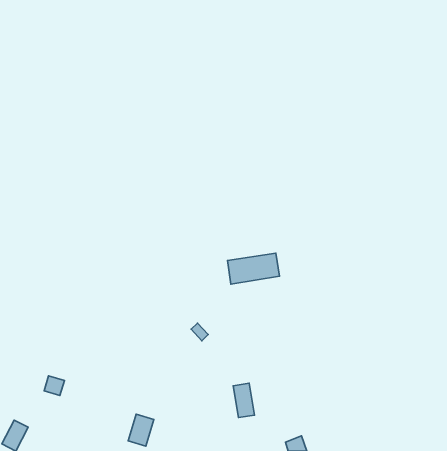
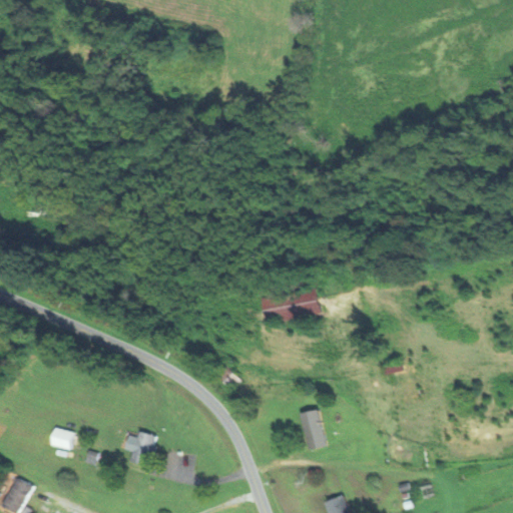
building: [233,383,254,418] -> [301,409,325,448]
building: [128,414,154,446] -> [129,430,158,466]

